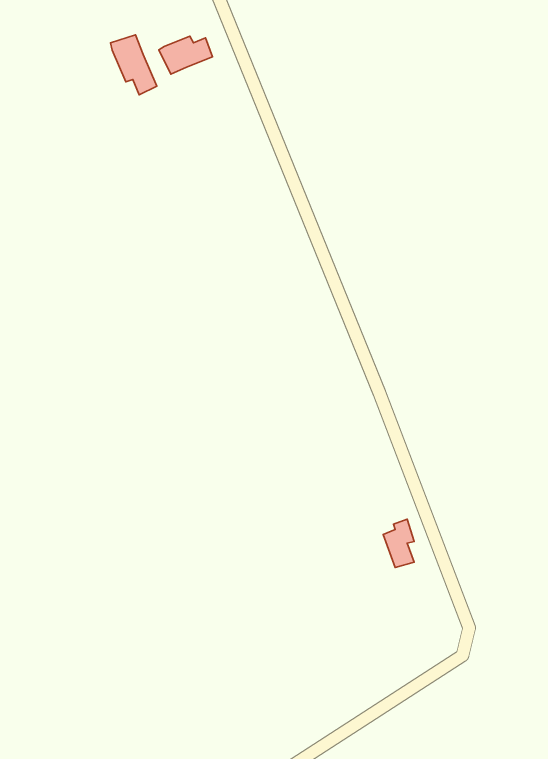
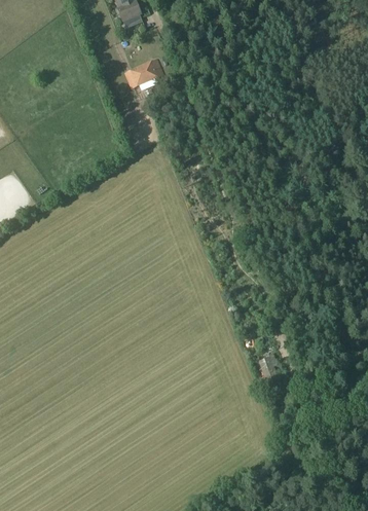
building: [110,35,157,95] -> none

